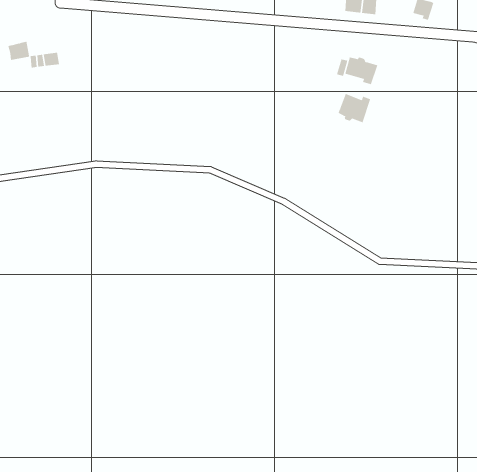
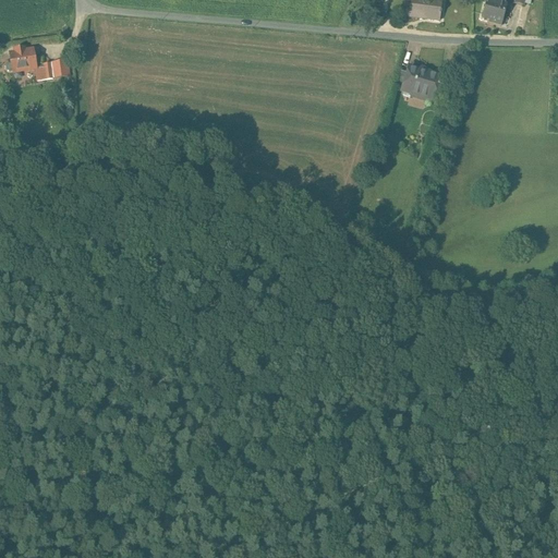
building: [338,93,371,123] -> none

